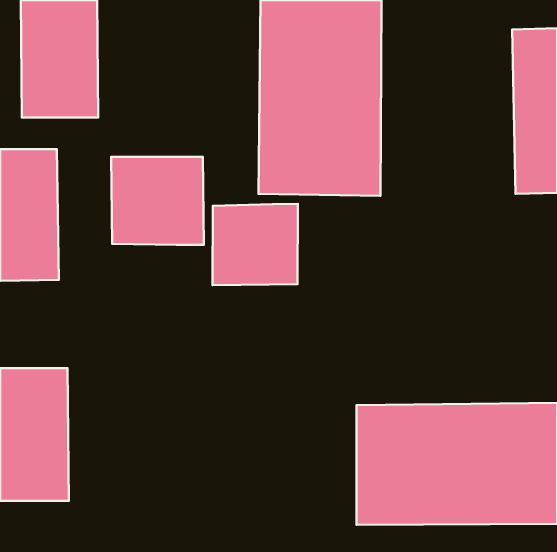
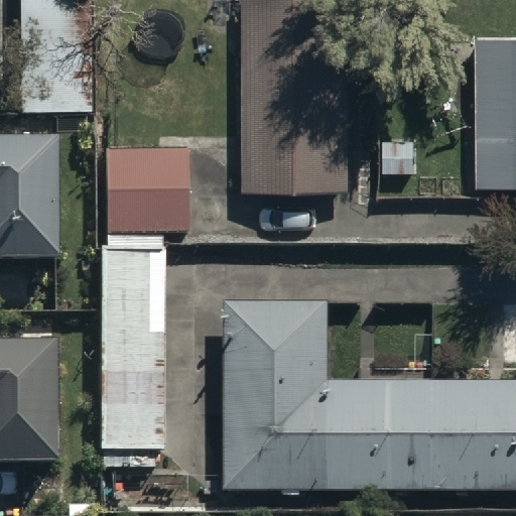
building: [212,204,298,285] -> none
building: none -> [96,230,165,448]
building: none -> [224,299,330,491]

